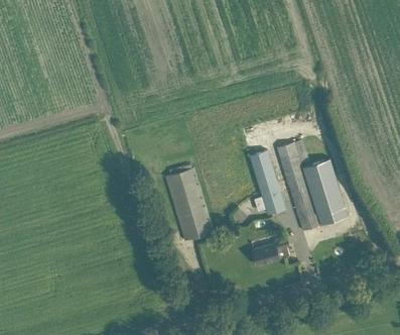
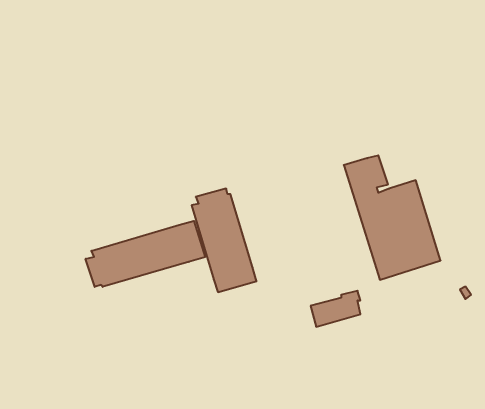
building: [249,150,284,214] -> none
building: none -> [86,221,205,287]

